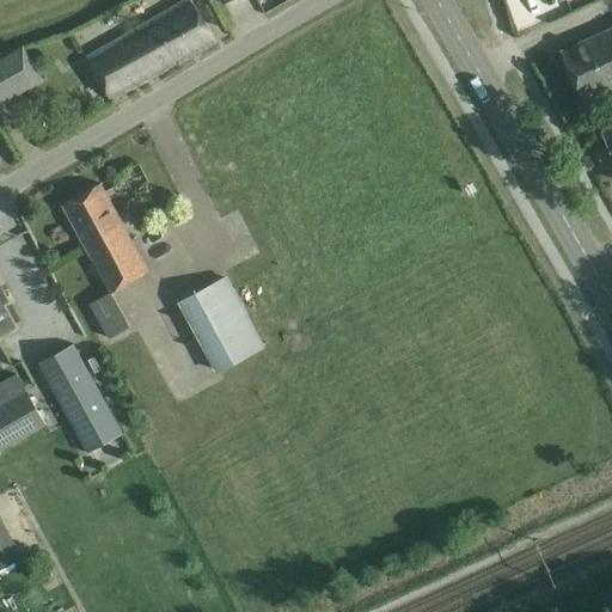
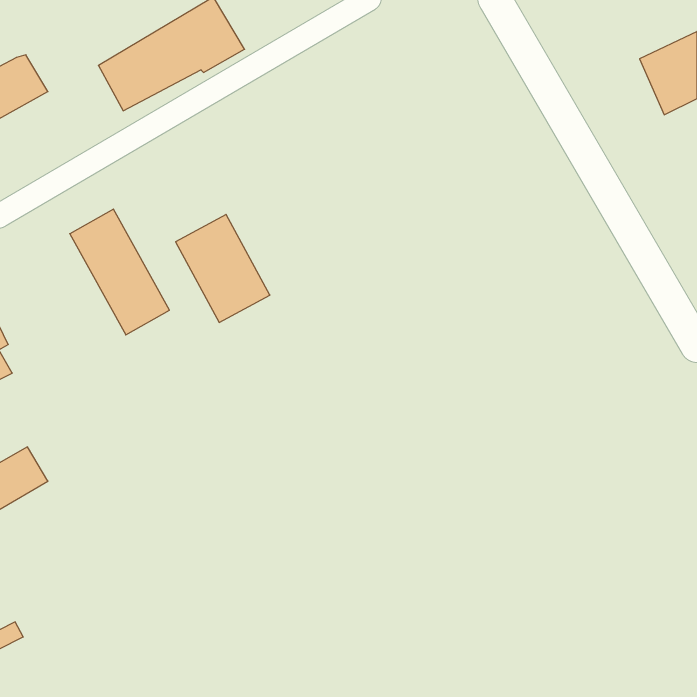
building: [179,279,262,373] -> [176,214,270,322]
building: [88,292,128,337] -> none
building: [38,347,117,445] -> none

